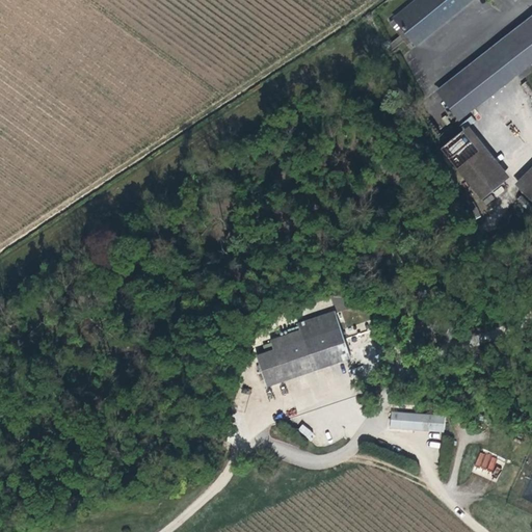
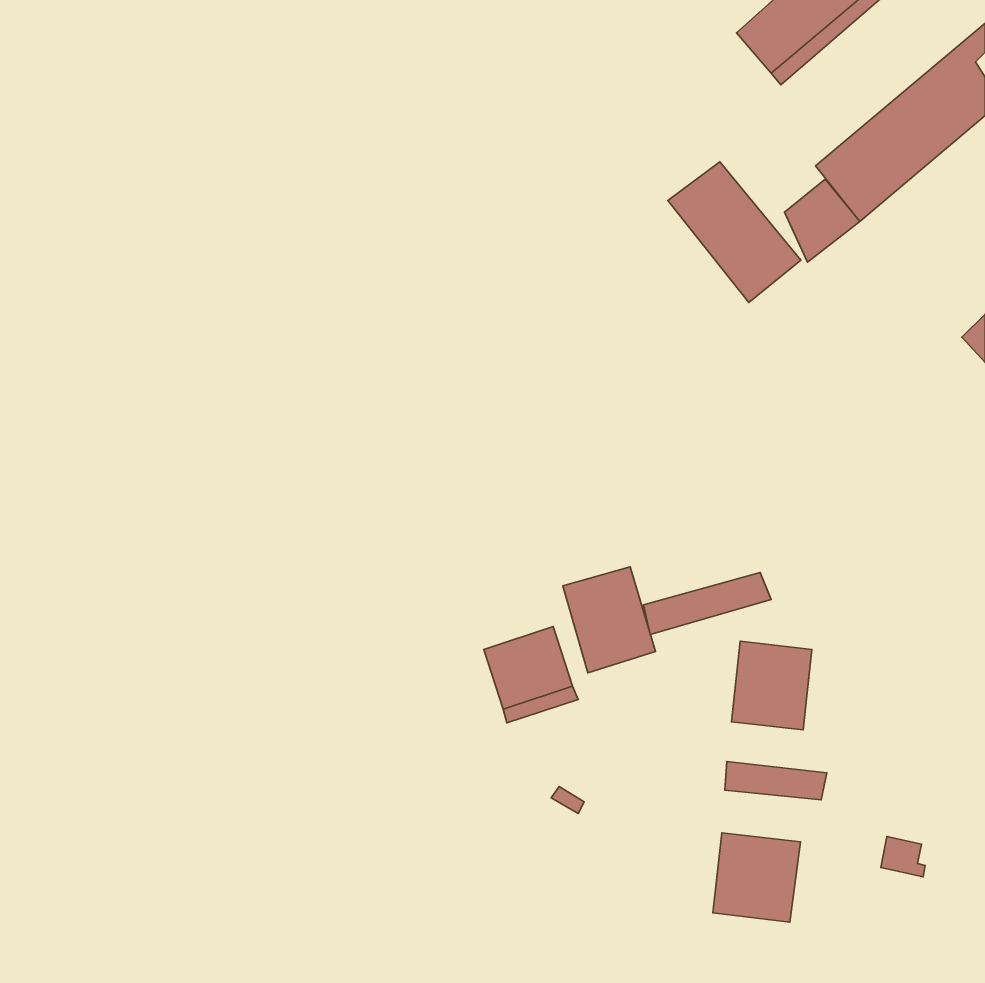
building: [437,125,509,201] -> [668,162,801,303]
building: none -> [644,573,771,634]
building: none -> [732,641,812,730]
building: none -> [713,833,800,922]

